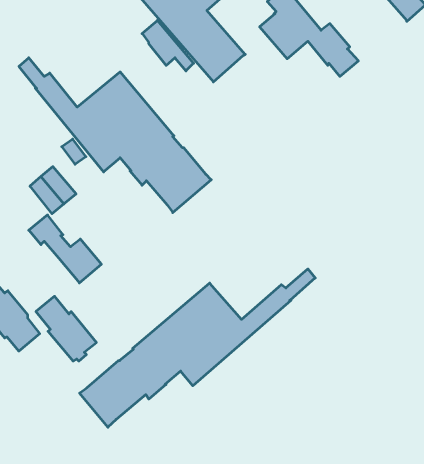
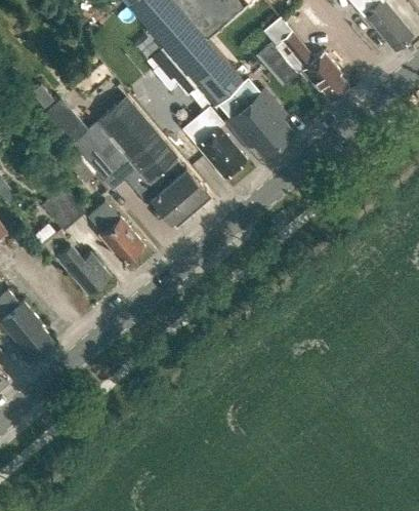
building: none -> [219,79,291,155]
building: none -> [182,106,246,178]
building: [80,269,315,427] -> none
building: [36,296,96,361] -> [88,202,144,263]

